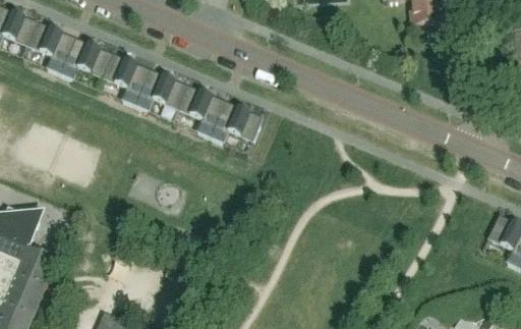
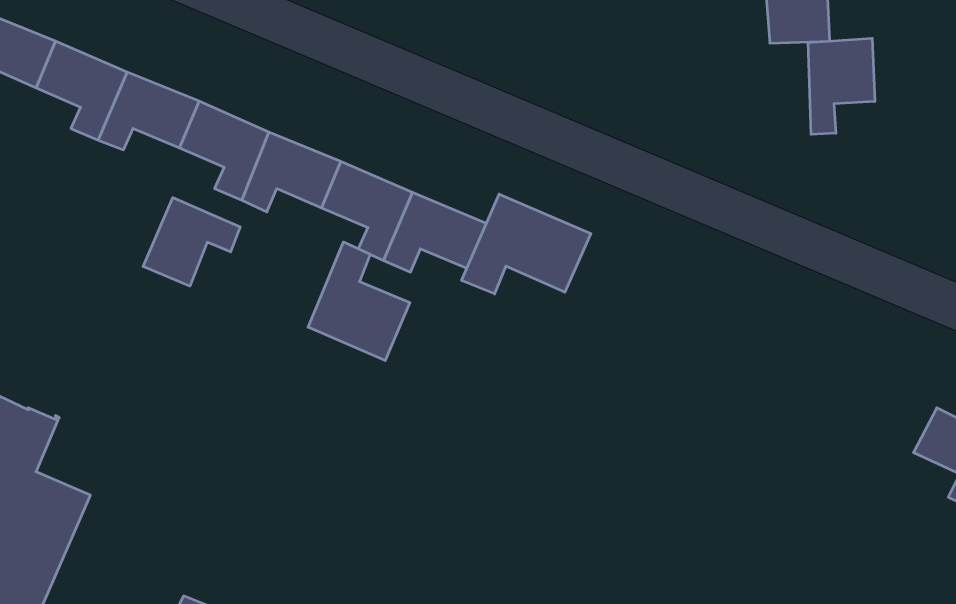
building: none -> [808,38,875,134]
building: none -> [462,194,591,294]
building: none -> [143,198,240,286]
building: none -> [308,242,410,361]

